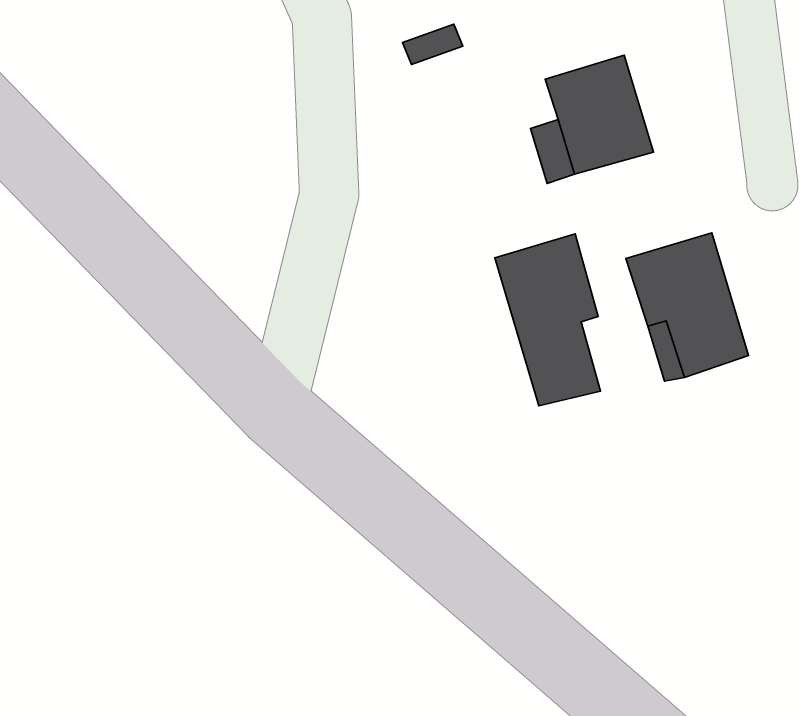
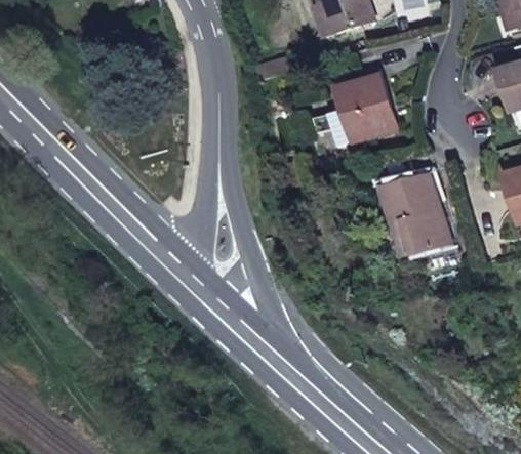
building: [495,234,601,406] -> none

